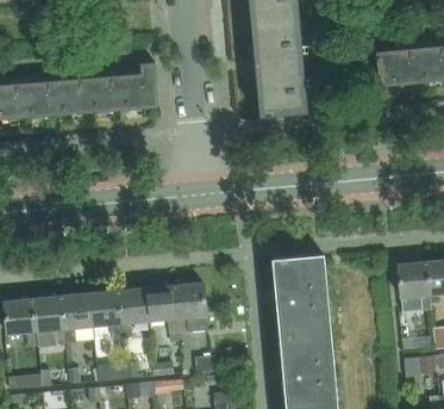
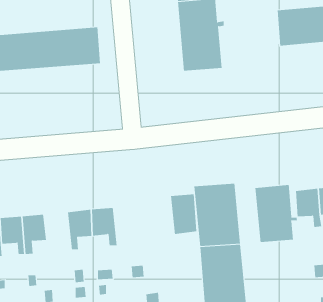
building: none -> [255,184,298,243]
building: [174,283,207,333] -> [170,194,197,234]
building: [88,291,121,339] -> none

